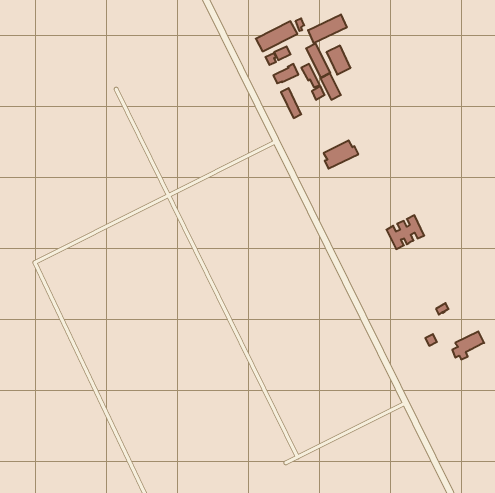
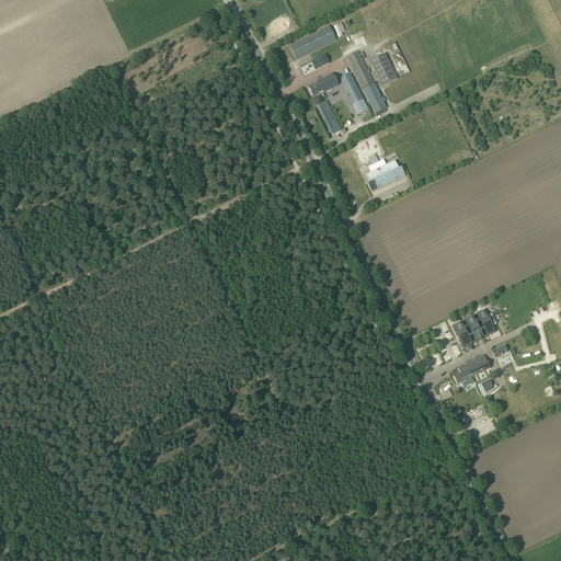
building: [308,14,347,43] -> none
building: [386,215,424,249] -> [453,308,495,346]
building: [452,331,484,359] -> [454,354,490,386]

